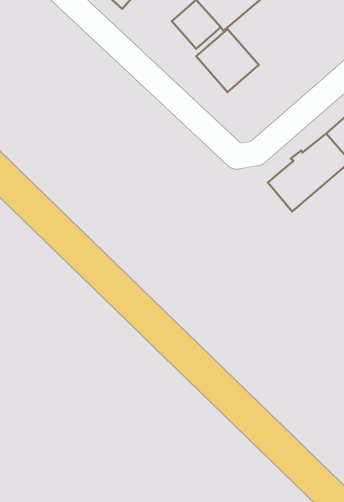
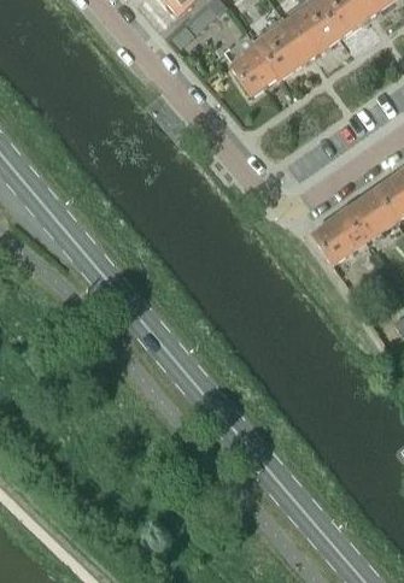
building: [196,29,259,92] -> none

